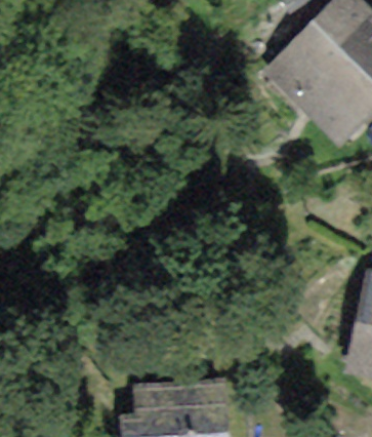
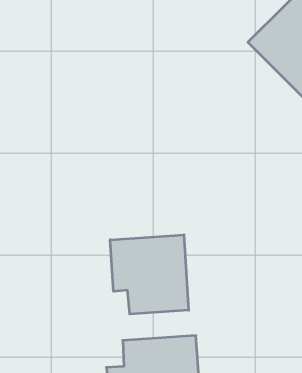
building: none -> [110,235,189,314]

